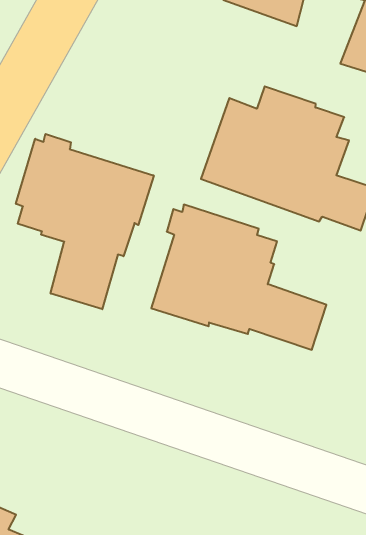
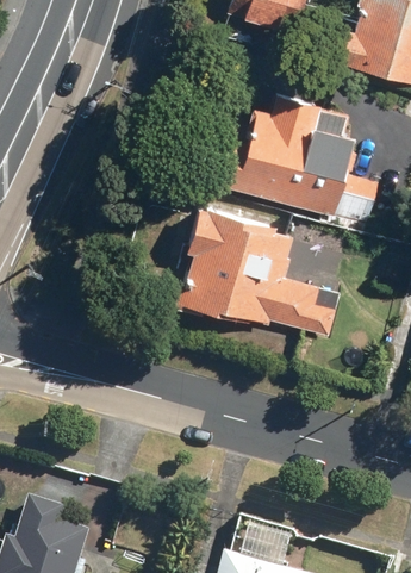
building: [16,134,154,309] -> none

